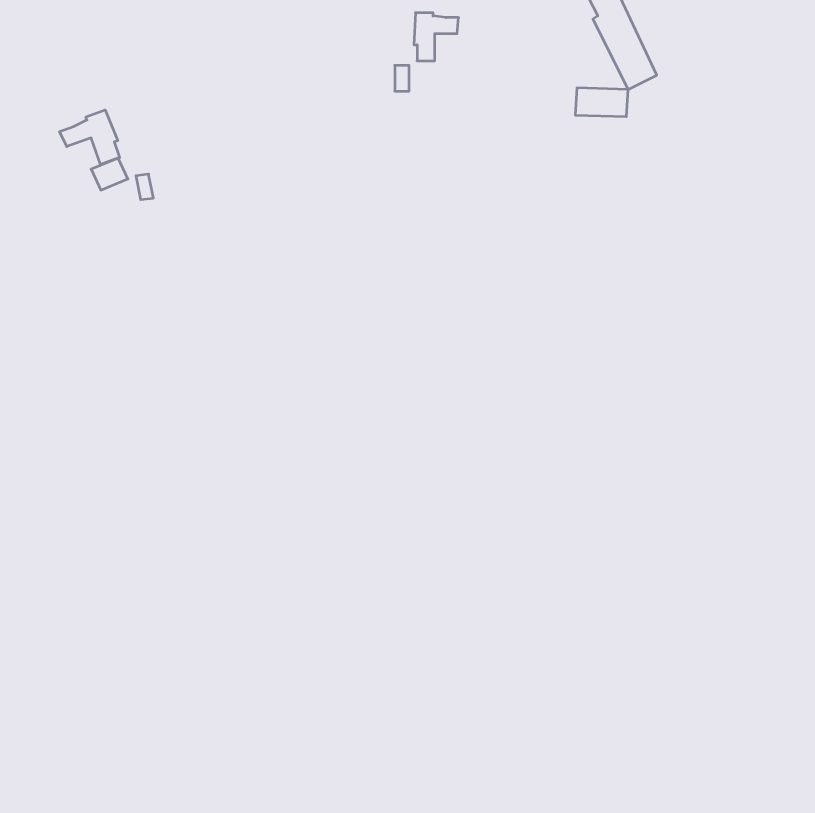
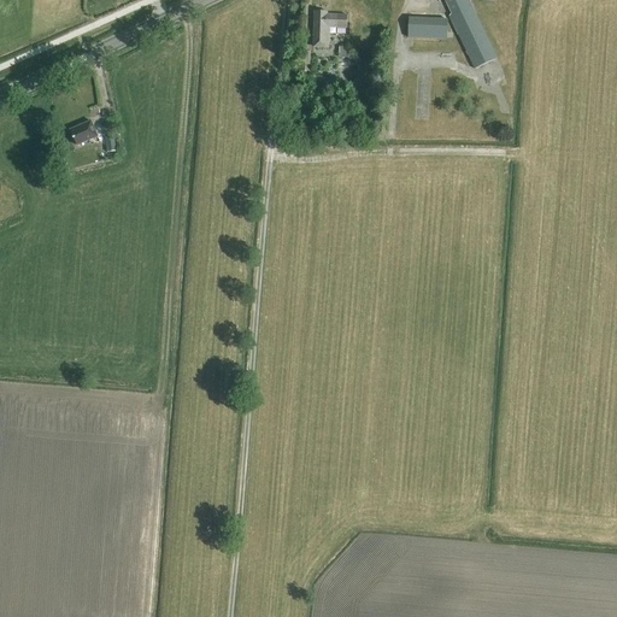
building: [575,88,628,117] -> [407,17,447,39]
building: [60,110,120,165] -> none

